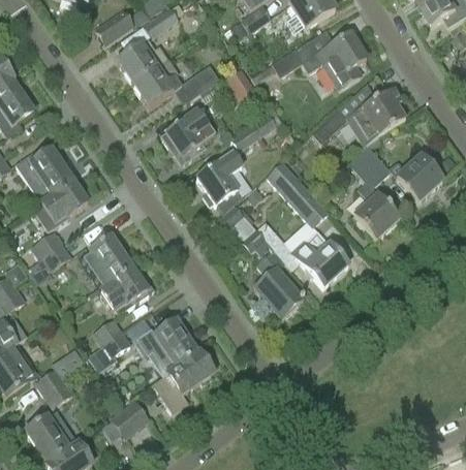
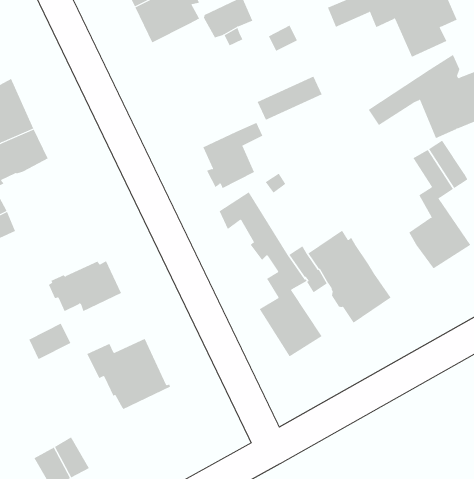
building: [160,108,214,160] -> none
building: [267,161,327,226] -> none
building: [80,234,133,288] -> none
building: [88,331,131,371] -> none
building: [152,351,213,411] -> none

